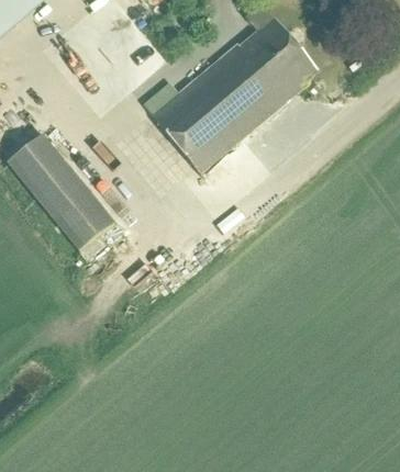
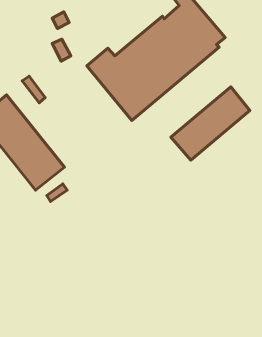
building: none -> [171,87,250,160]

